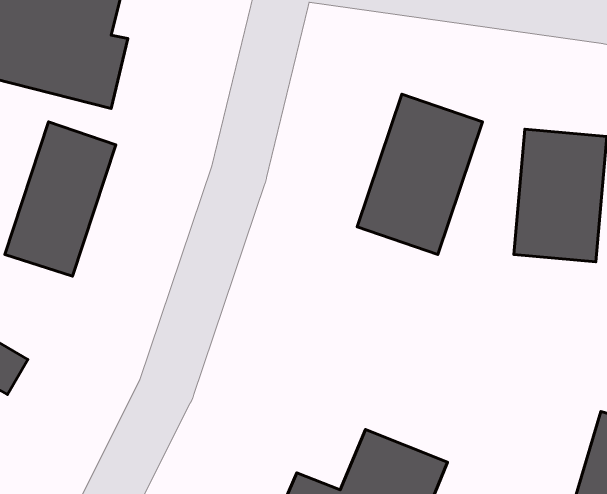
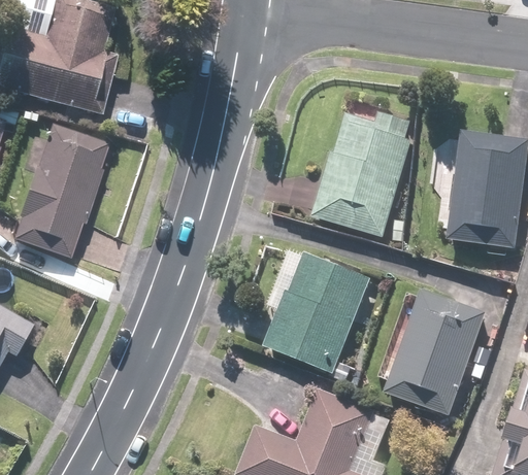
building: none -> [263,245,373,373]
building: none -> [383,287,485,415]

